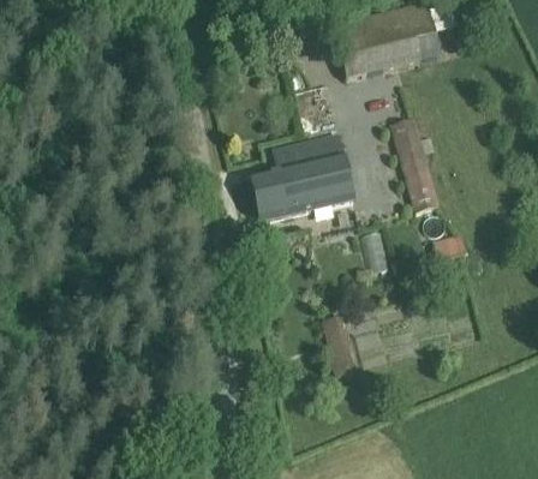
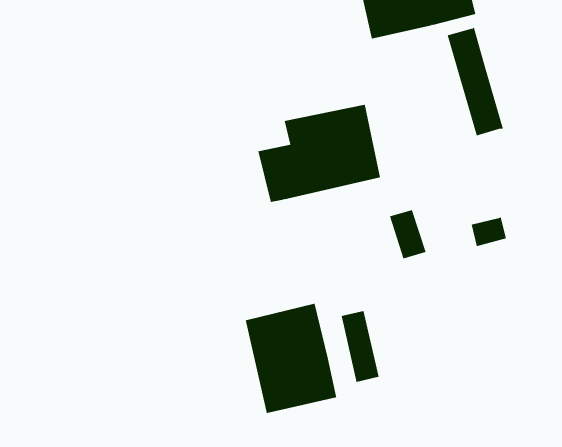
building: [390,116,440,211] -> [447,27,504,136]
building: none -> [245,303,337,414]

